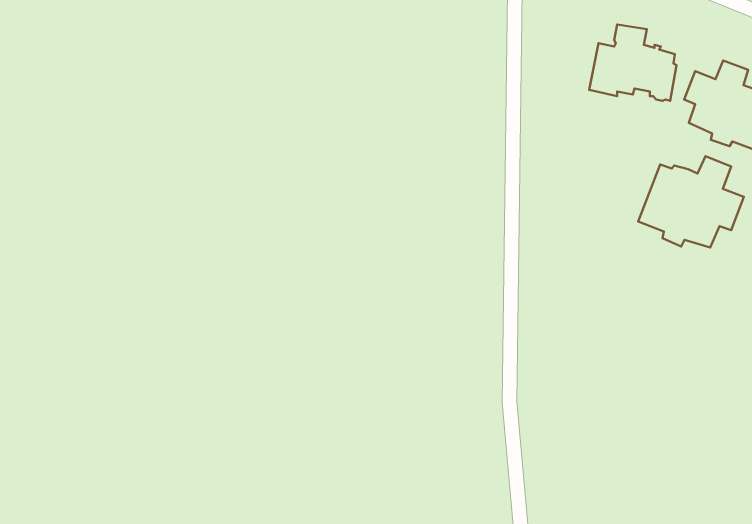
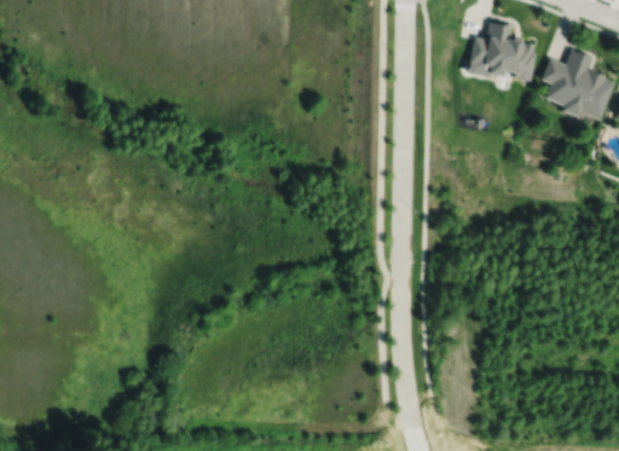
building: [638,156,744,247] -> none

